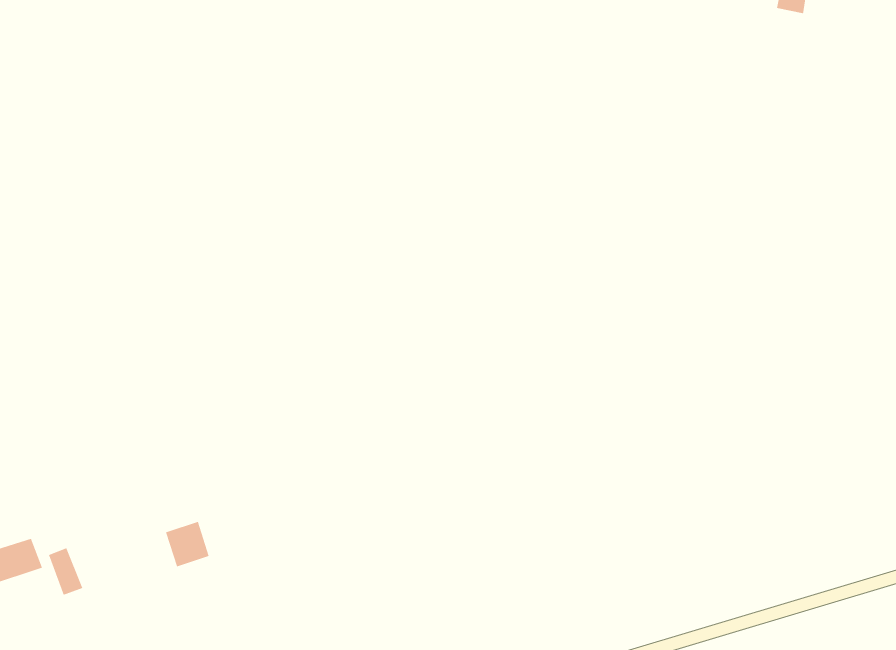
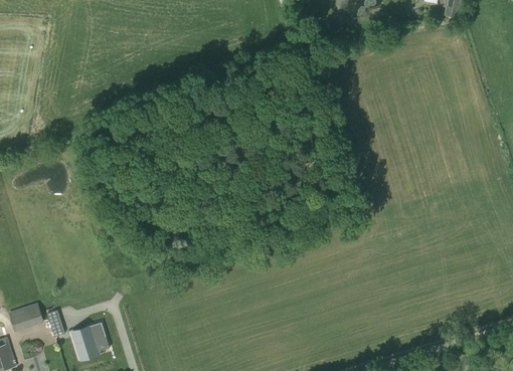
building: [165,521,210,567] -> [74,332,99,357]

